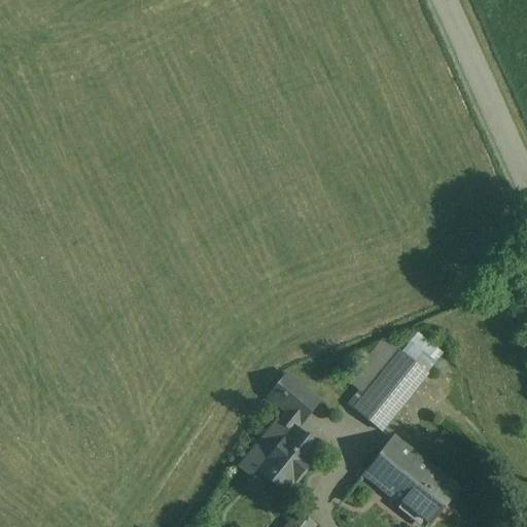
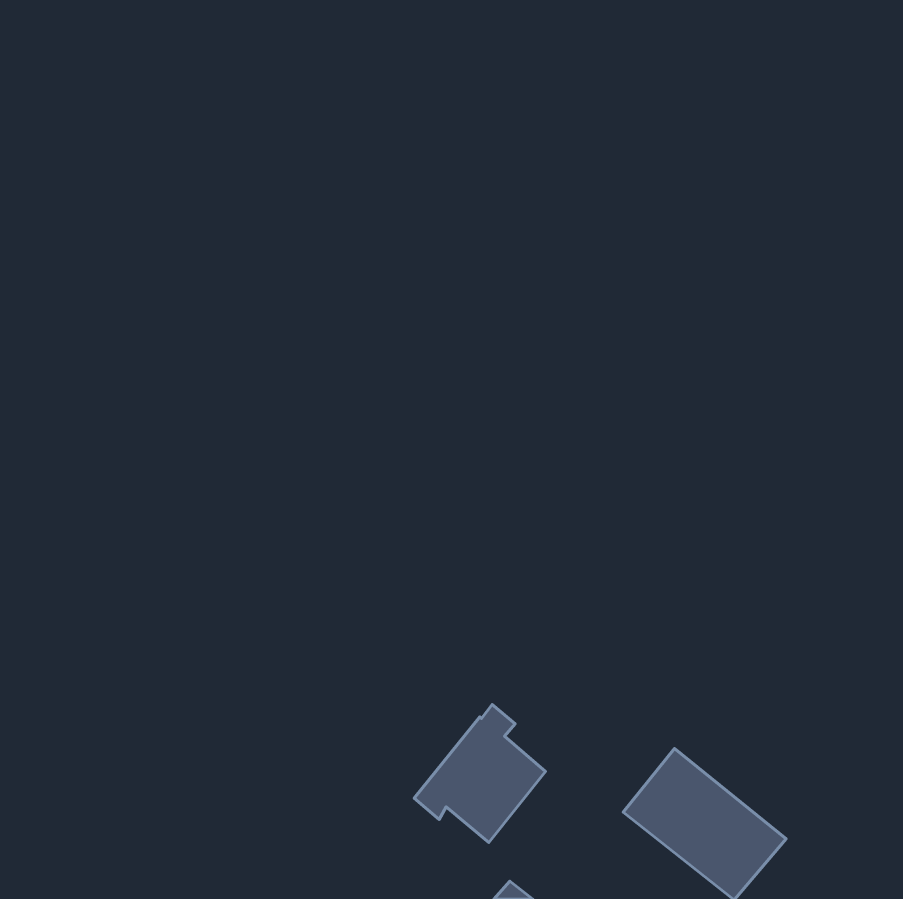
building: [349,341,434,429] -> none
building: [268,374,317,421] -> none

